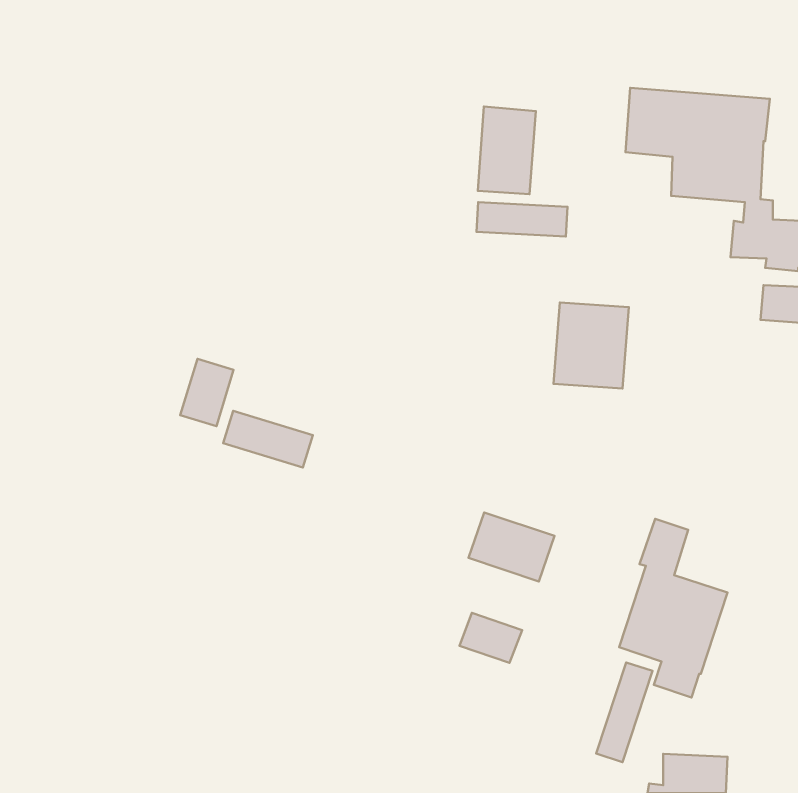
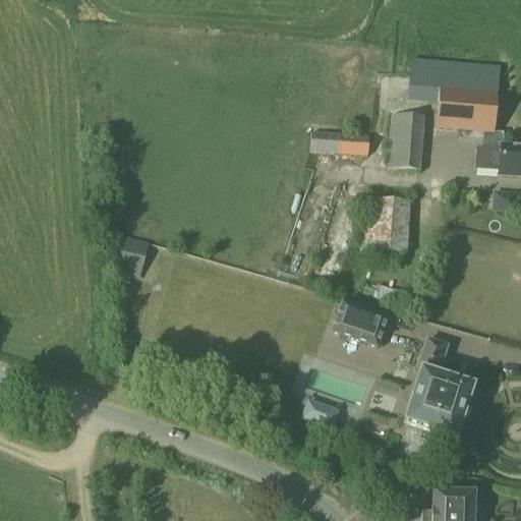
building: [478,106,536,194] -> [388,112,425,169]
building: [223,411,313,468] -> none
building: [468,512,555,581] -> [333,301,389,346]
building: [596,662,652,762] -> none

